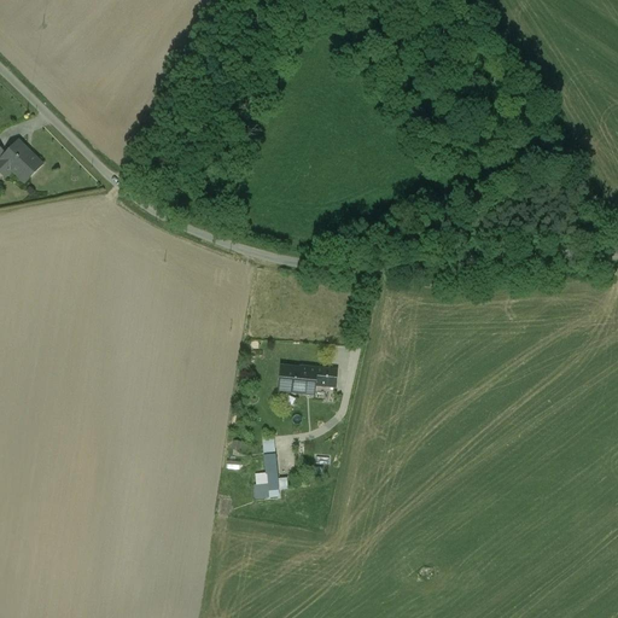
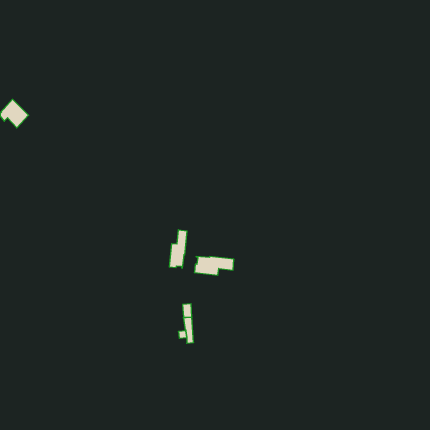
building: none -> [169,230,187,268]

